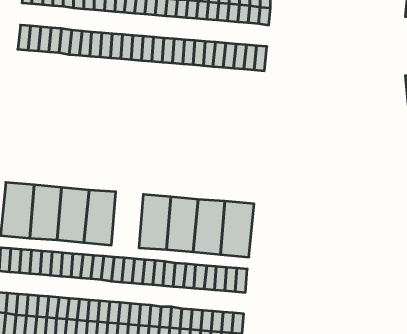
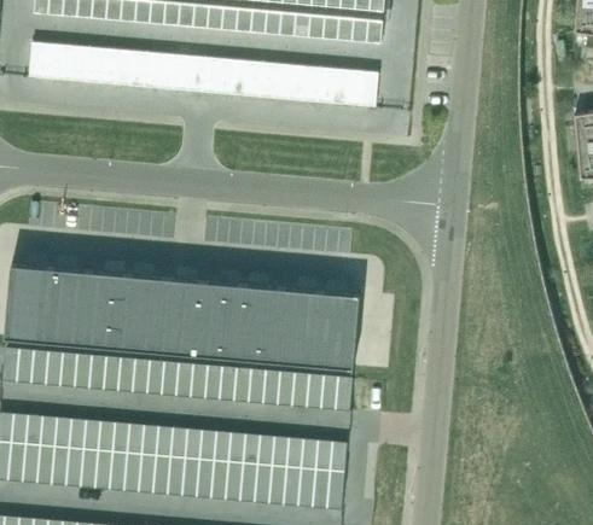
building: none -> [161,275,205,354]

